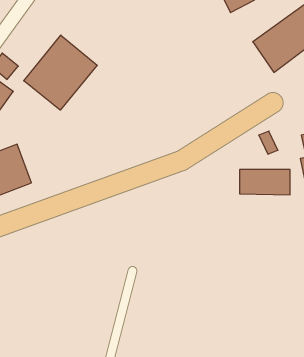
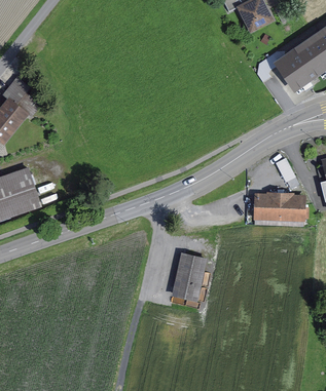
building: [24,35,97,110] -> none
building: none -> [173,253,204,299]

